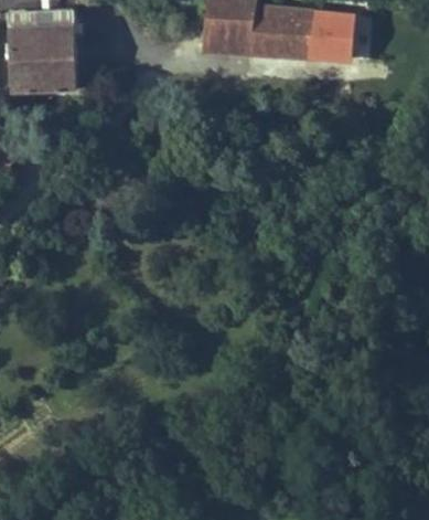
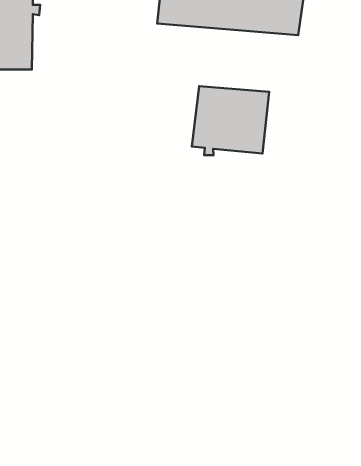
building: none -> [192,86,269,155]

